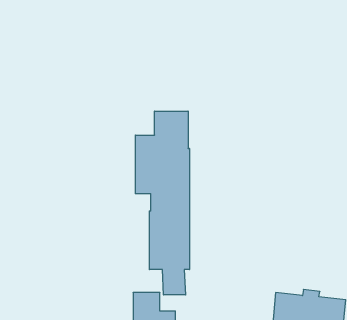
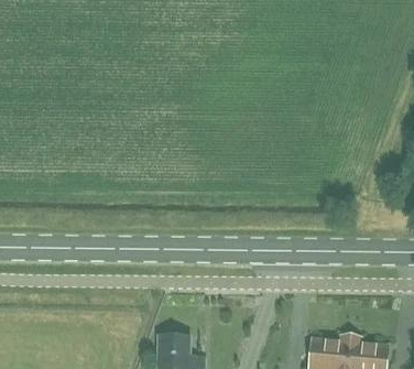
building: [135,111,189,295] -> none

